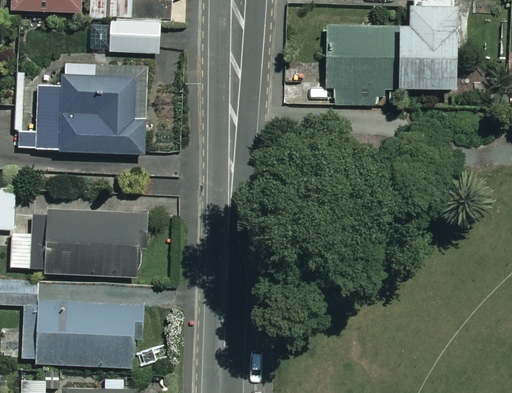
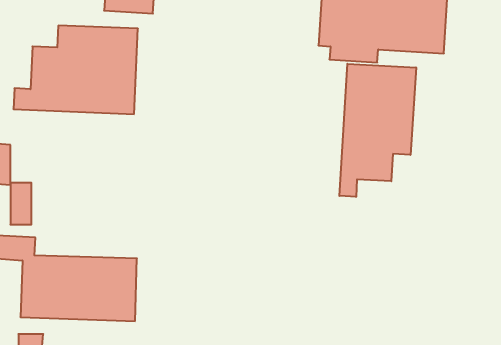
building: none -> [339,64,416,197]
building: [42,209,145,274] -> none

